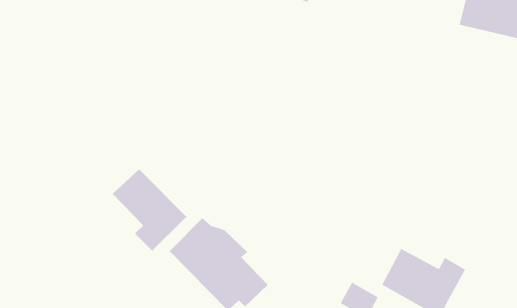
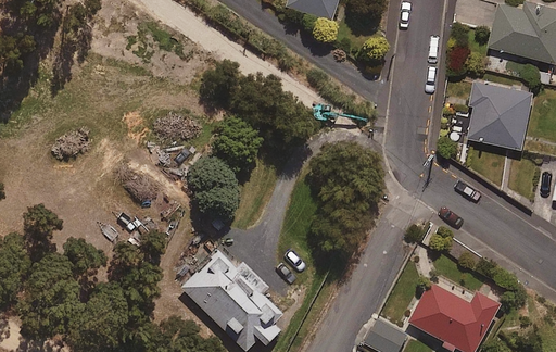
building: none -> [469,79,534,148]
building: [112,168,187,251] -> none

